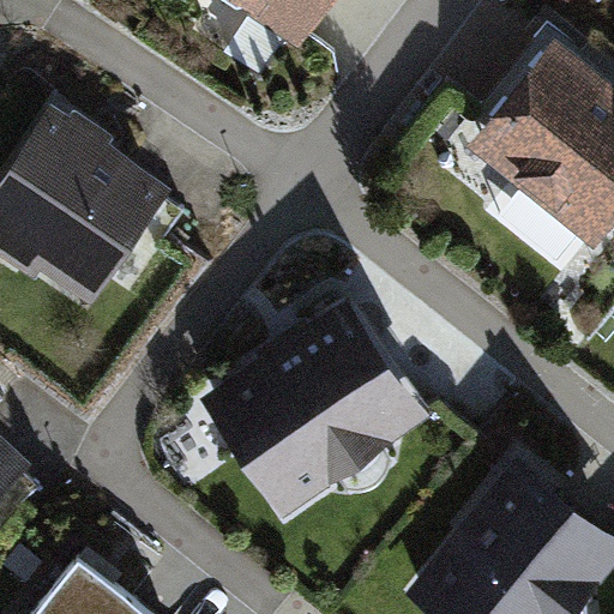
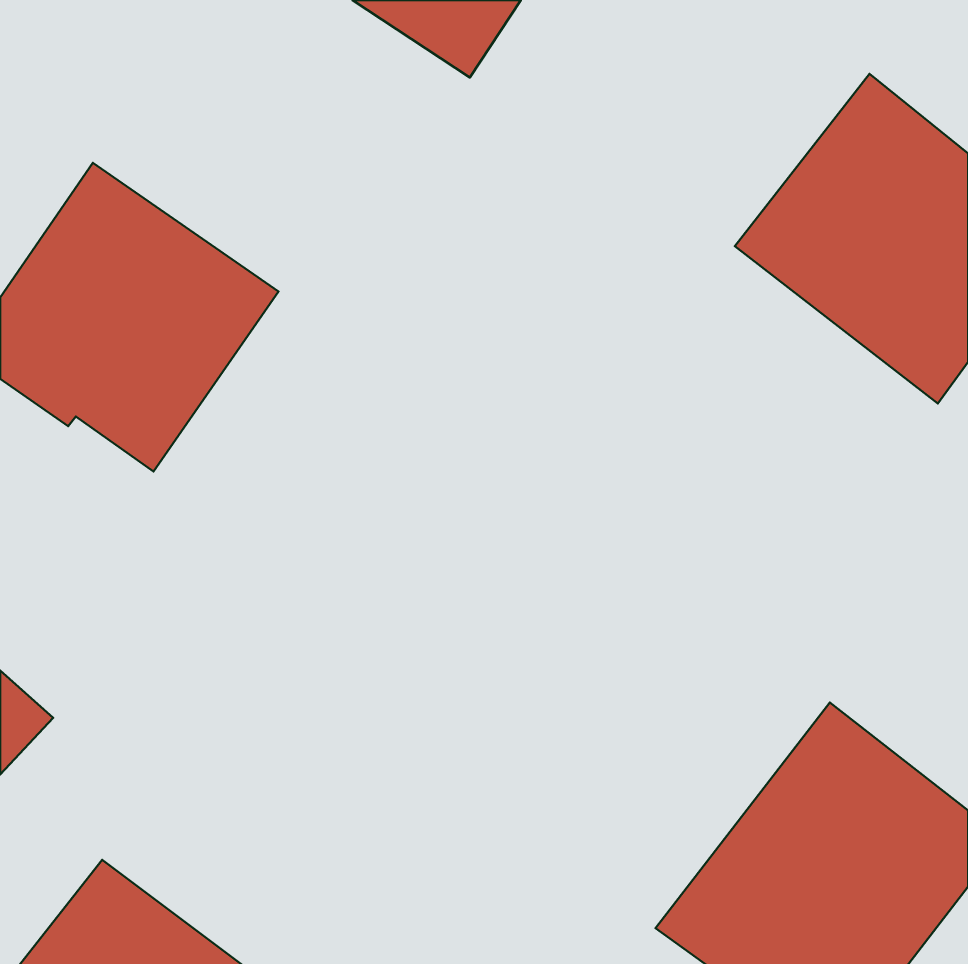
building: [195,296,421,513] -> none

